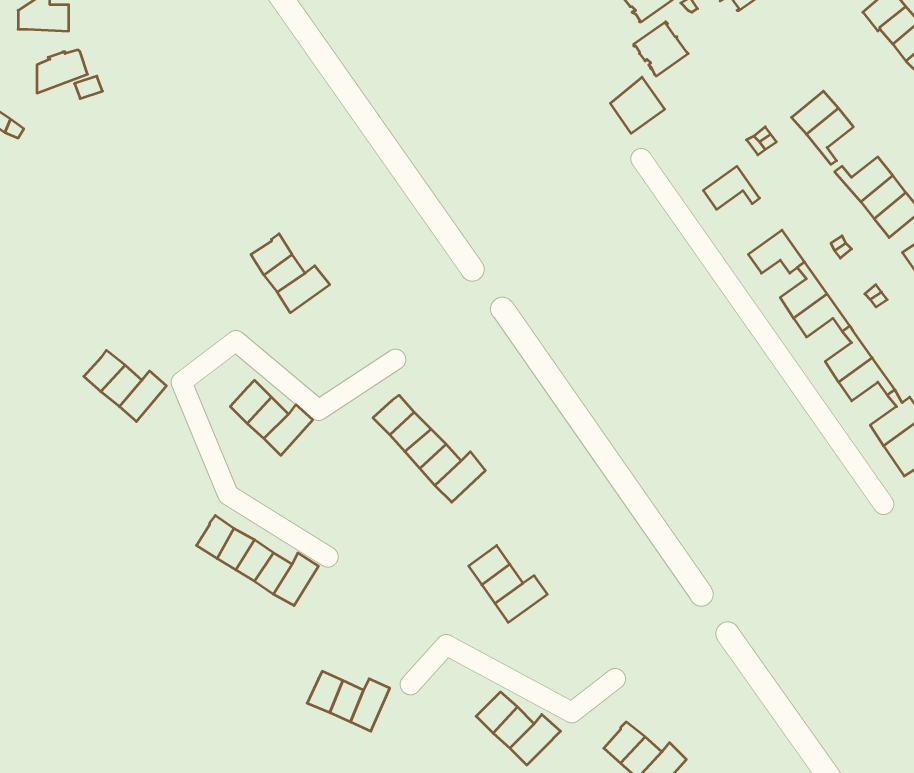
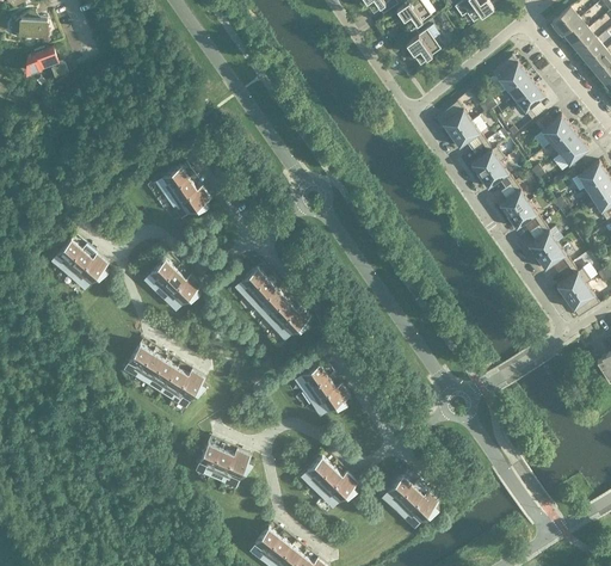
building: none -> [490,57,525,92]
building: [610,77,665,133] -> [436,103,470,139]
building: none -> [469,143,504,179]

